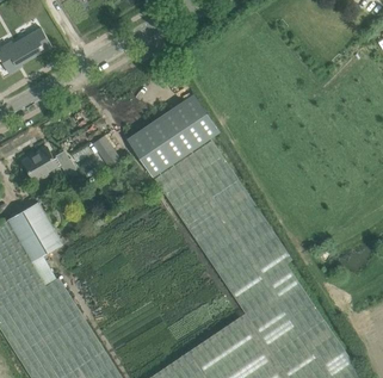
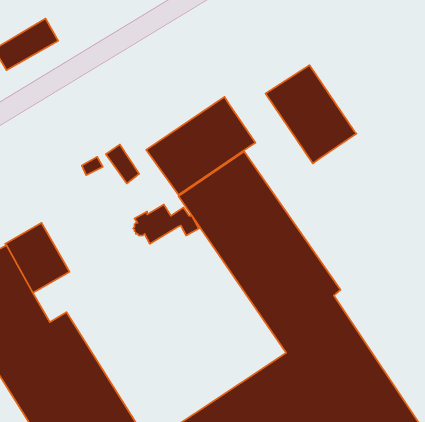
building: none -> [265,65,356,164]
building: [20,149,76,182] -> [133,205,199,244]

